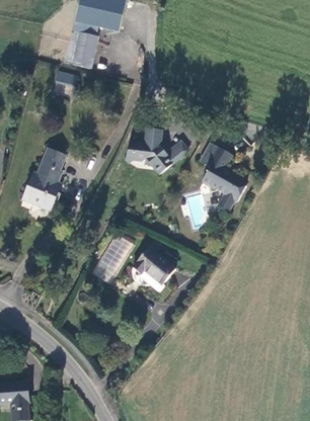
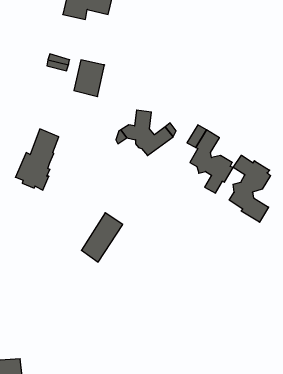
building: [64,29,95,67] -> [74,60,105,97]
building: none -> [229,155,271,222]
building: [133,246,175,292] -> none

